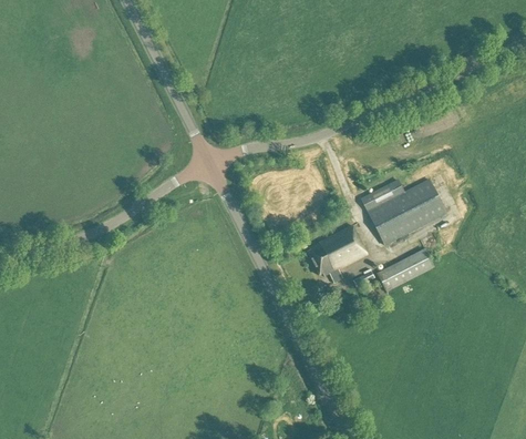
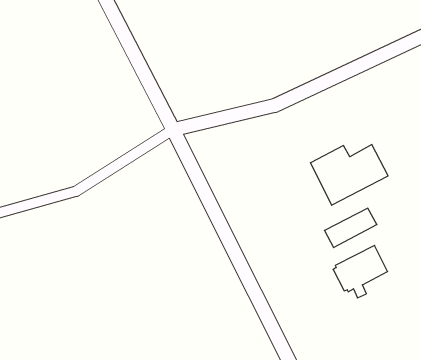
building: [307,226,367,284] -> [333,245,388,298]

